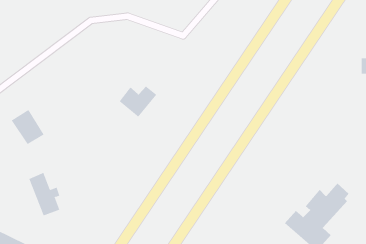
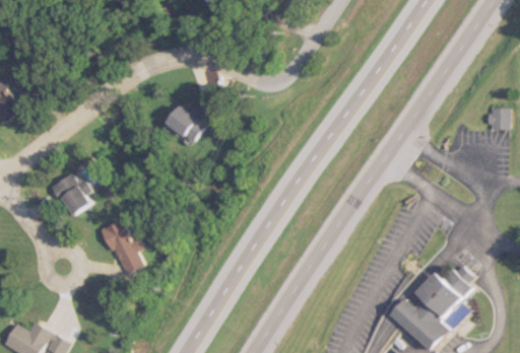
building: [119,86,157,118] -> [166,103,213,143]
building: [28,172,60,216] -> [103,221,142,276]

